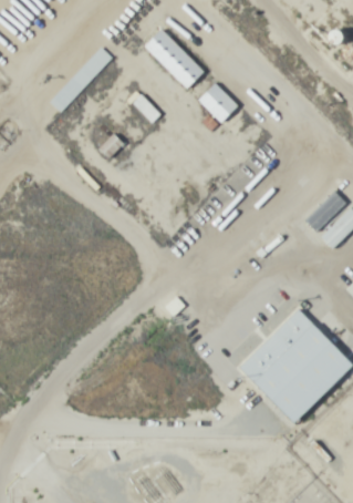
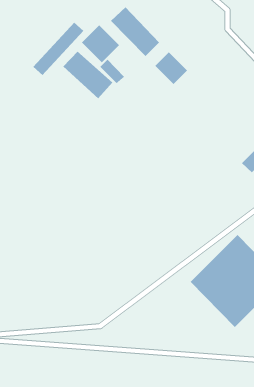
building: none -> [81,25,120,63]
building: none -> [63,51,113,99]

